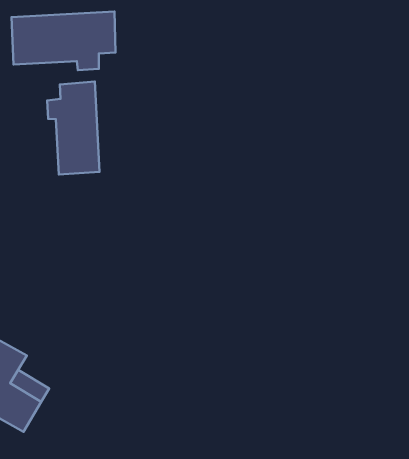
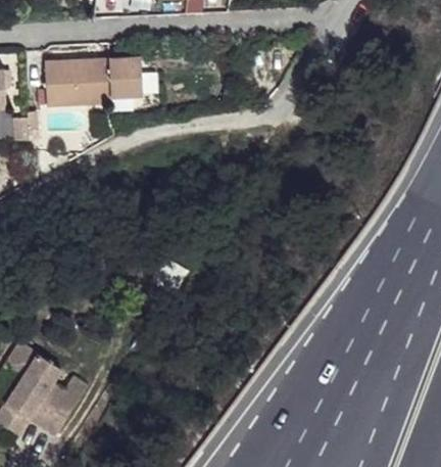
building: [47,82,100,174] -> none

